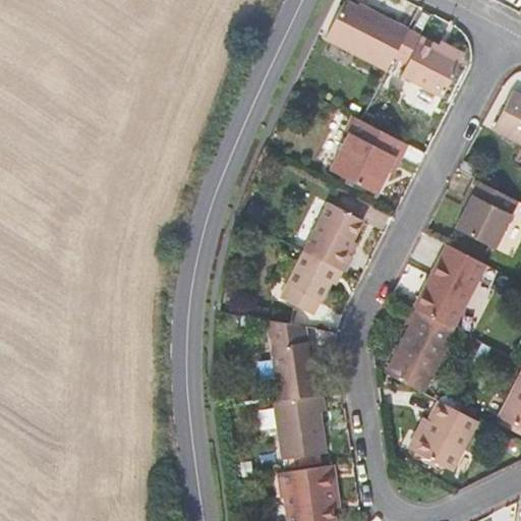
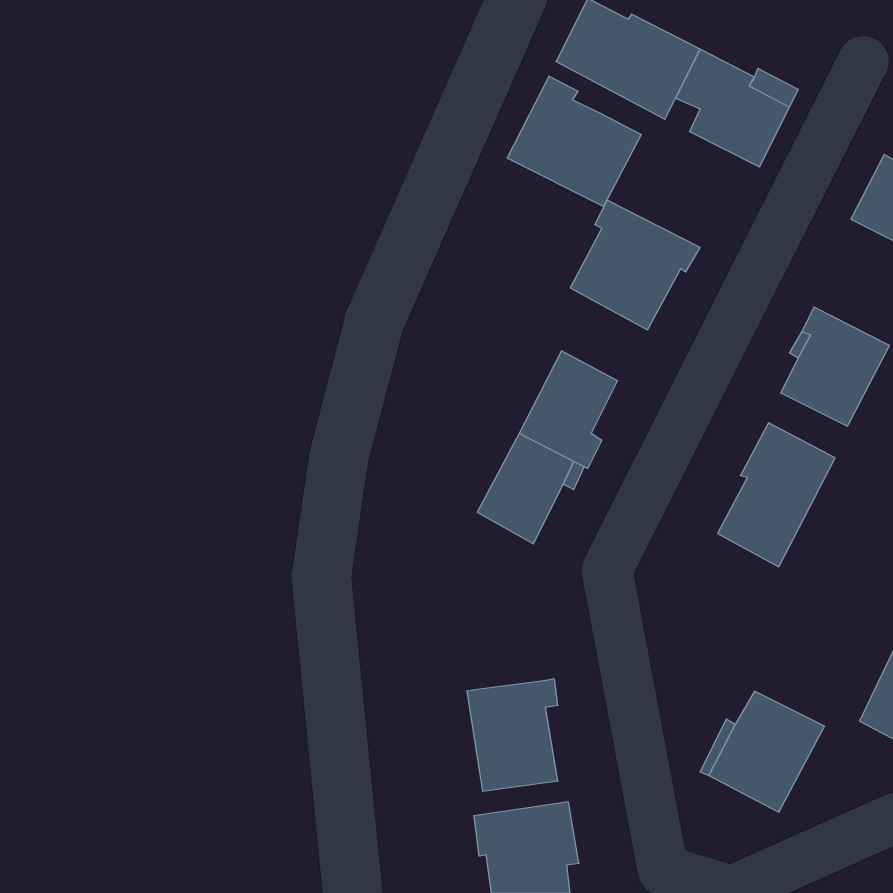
building: none -> [507,76,641,207]
building: [386,307,457,393] -> none
building: [267,319,317,400] -> none

